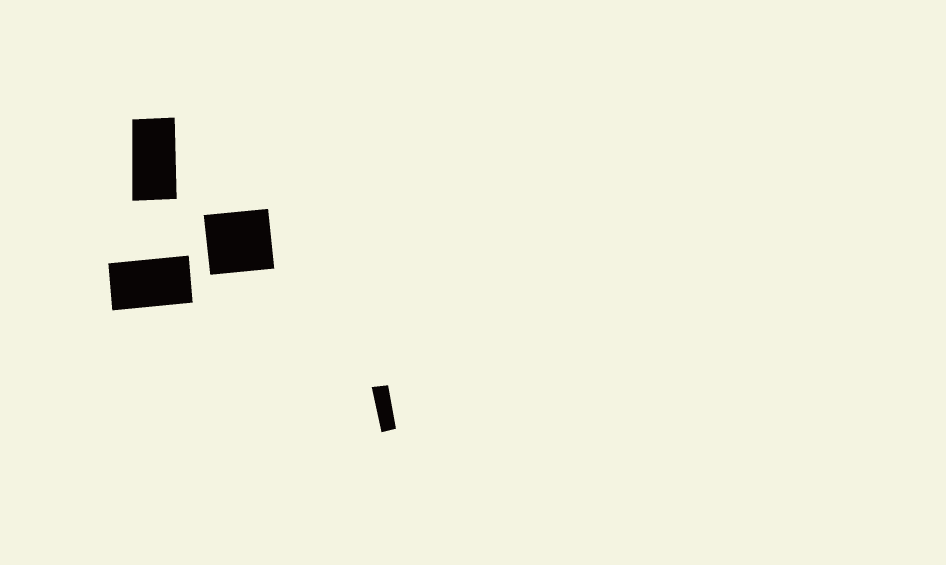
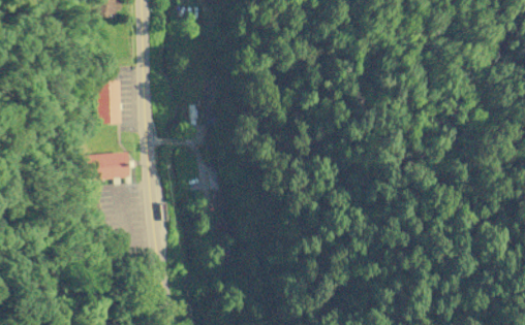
building: [203,208,275,276] -> none

